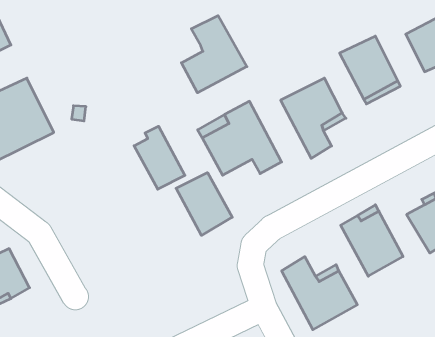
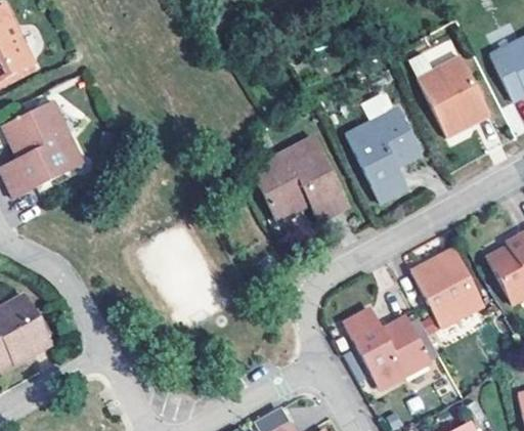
building: [181,16,247,93] -> none
building: [134,126,185,189] -> none
building: [176,173,232,235] -> none

